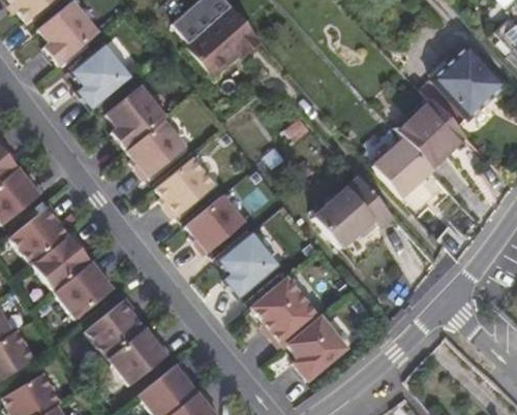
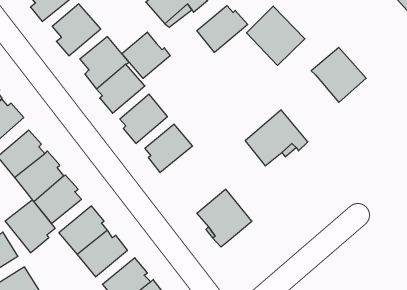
building: [426,45,498,119] -> [246,6,305,65]
building: none -> [197,6,248,52]
building: none -> [122,32,170,78]
building: [368,133,428,195] -> none
building: [220,230,280,296] -> none
building: none -> [5,200,55,253]
building: [287,314,348,378] -> none

